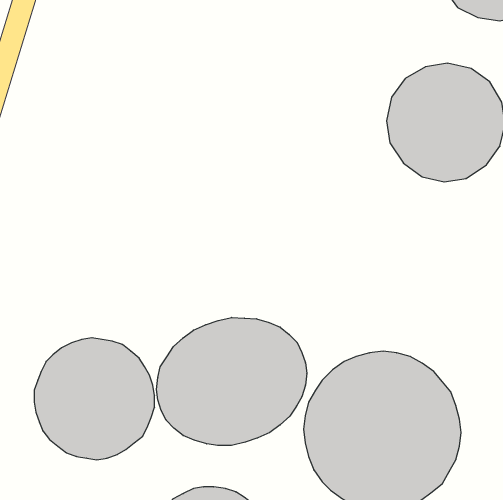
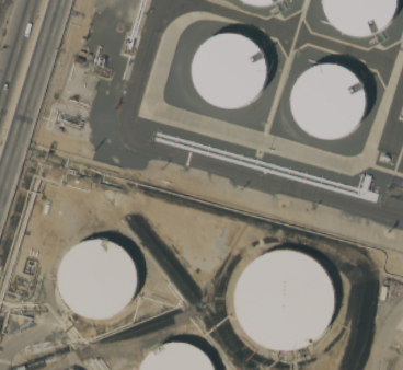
building: none -> [193,34,266,108]
building: [156,317,307,445] -> none

